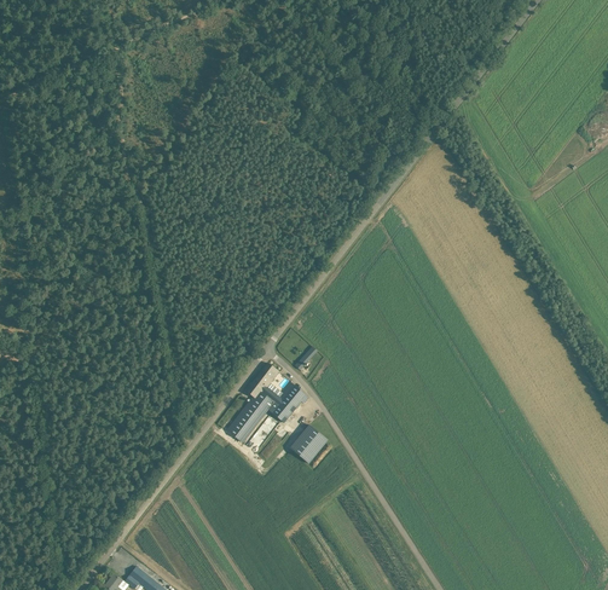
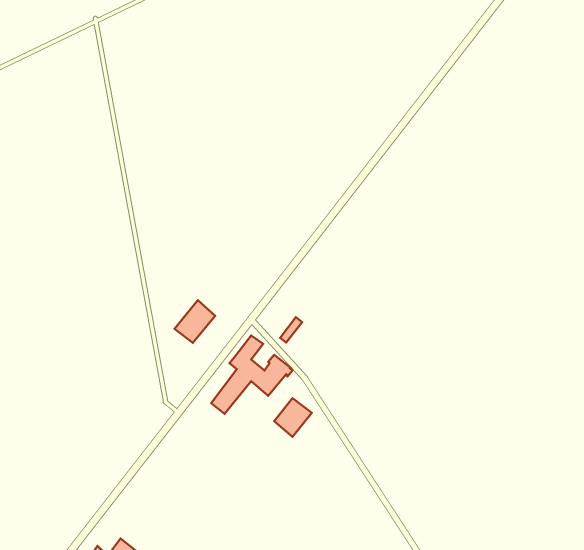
building: none -> [174,300,215,343]

